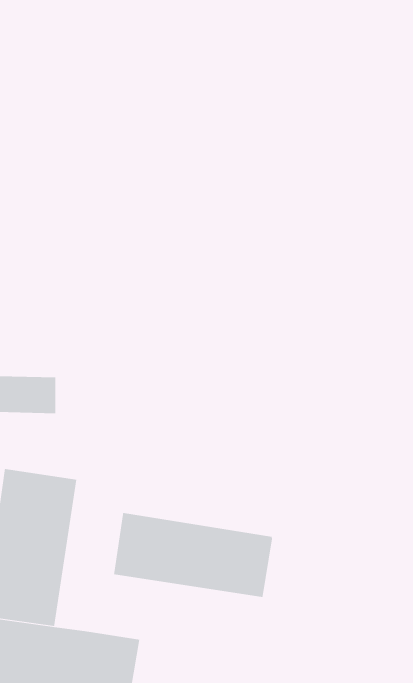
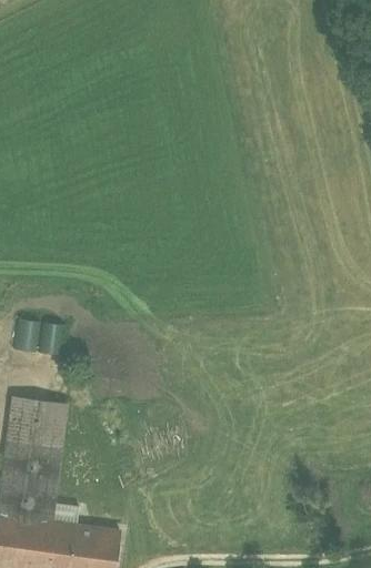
building: [113,512,273,598] -> none

